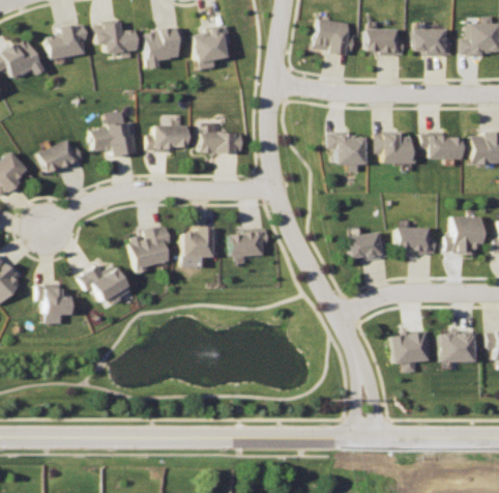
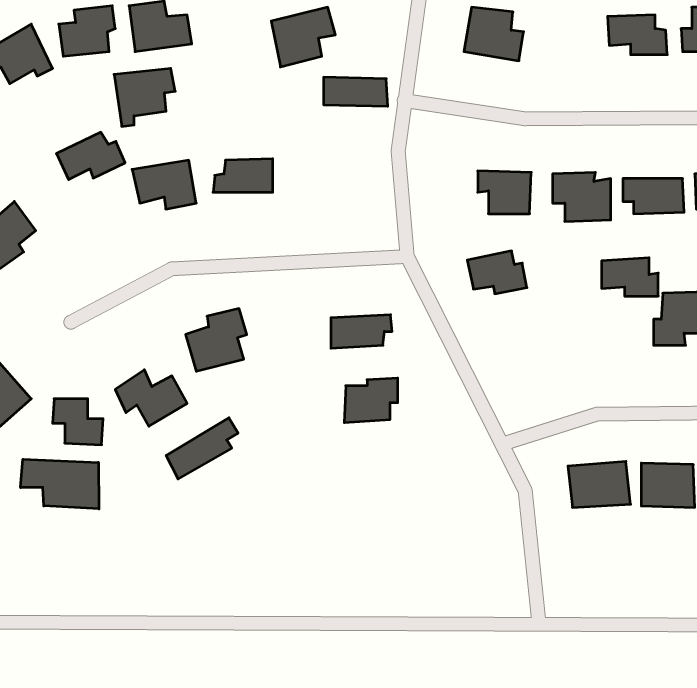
building: [142,26,183,65] -> [114,68,175,126]
building: [370,30,408,51] -> none
building: [200,133,243,152] -> [324,77,388,106]
building: [40,144,87,176] -> [56,132,125,180]
building: [398,226,436,252] -> [602,258,658,296]
building: [184,228,221,258] -> [344,378,398,423]
building: [345,231,385,260] -> [467,251,527,294]
building: none -> [166,418,238,479]
building: none -> [21,459,99,509]

